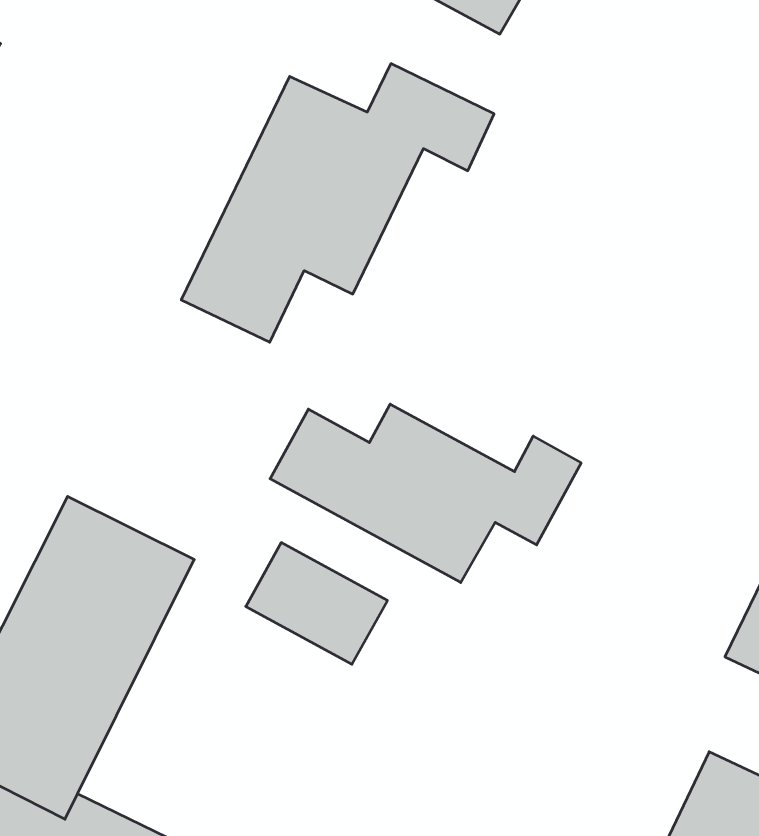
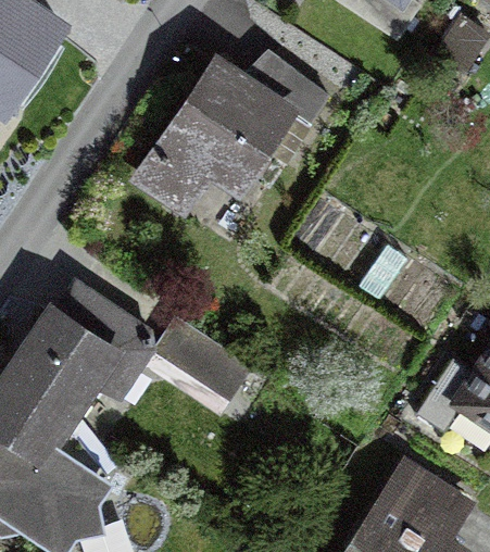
building: [270,404,581,583] -> none

